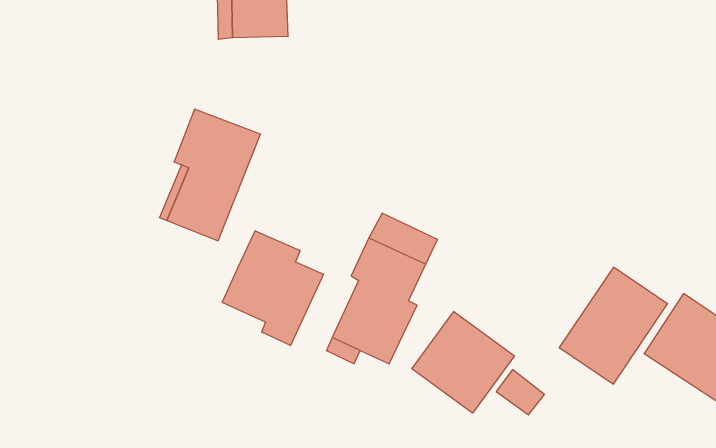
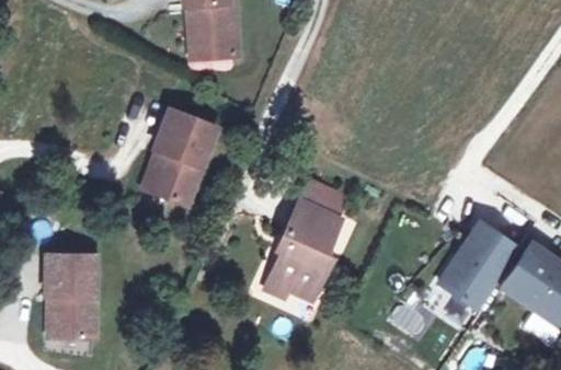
building: [222,231,324,346] -> none
building: none -> [46,251,96,336]
building: [412,311,514,413] -> none

